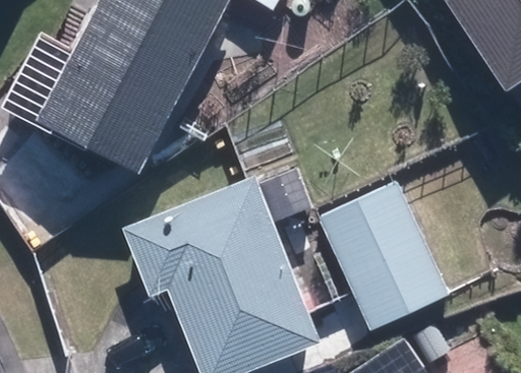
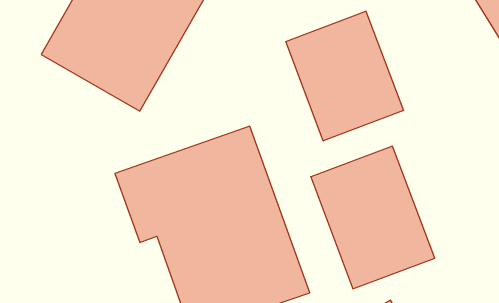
building: none -> [286,11,403,141]

